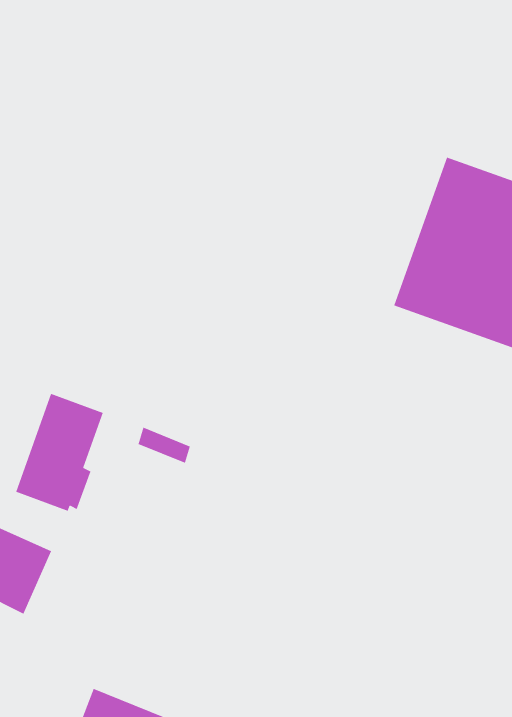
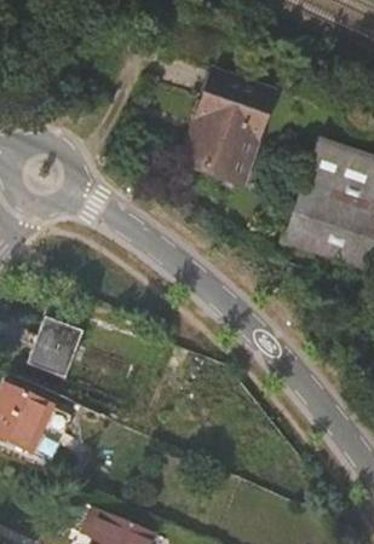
building: none -> [191,68,275,181]

